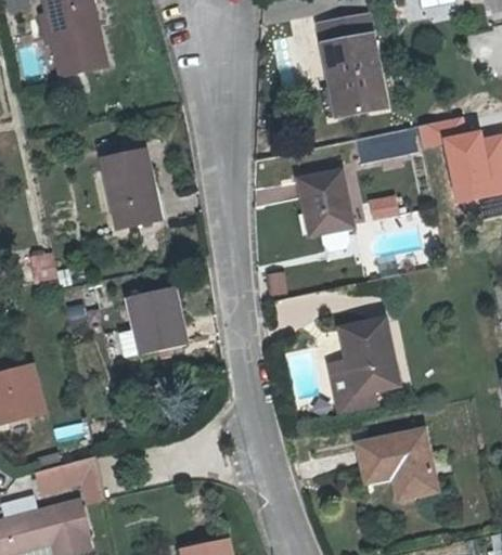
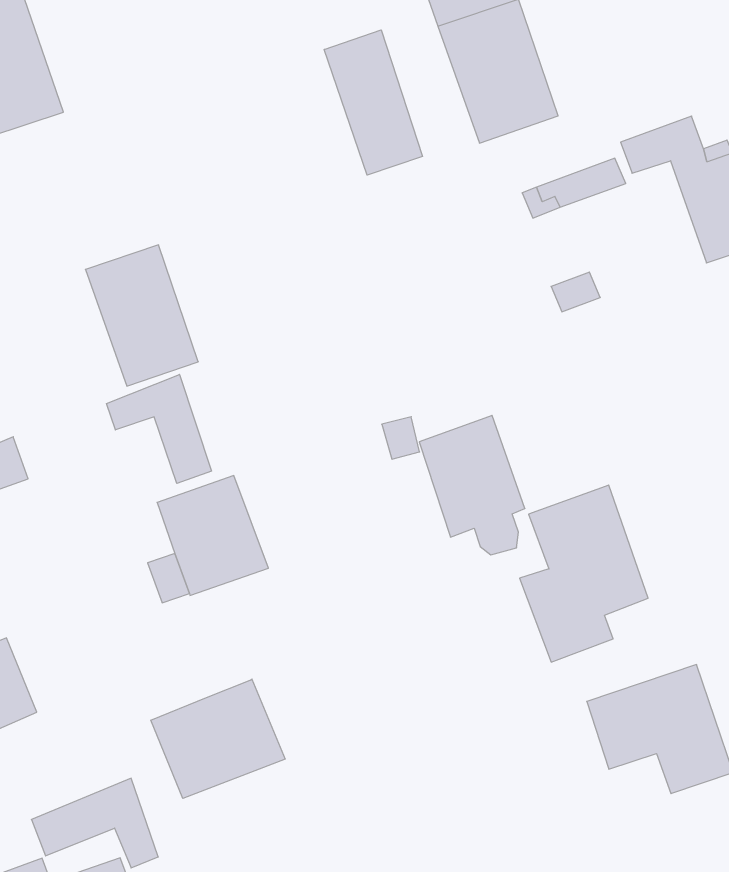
building: none -> [324,30,423,175]
building: [296,172,351,251] -> [419,415,525,555]
building: none -> [106,374,212,483]
building: none -> [151,679,285,798]

